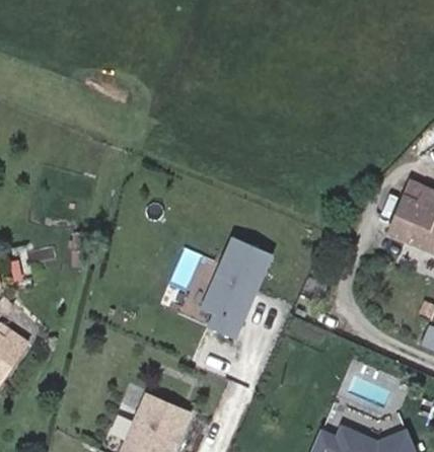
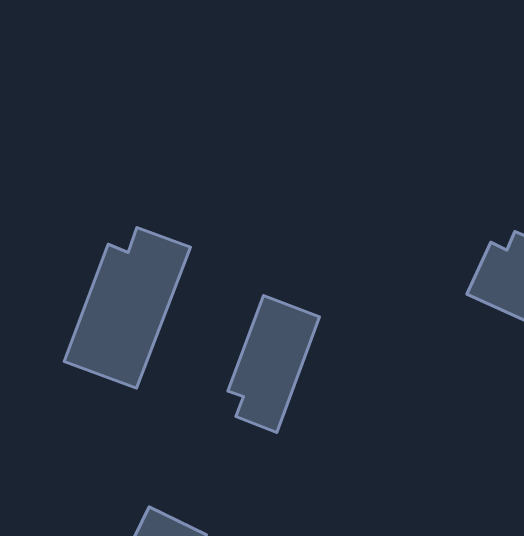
building: none -> [64,228,191,388]

